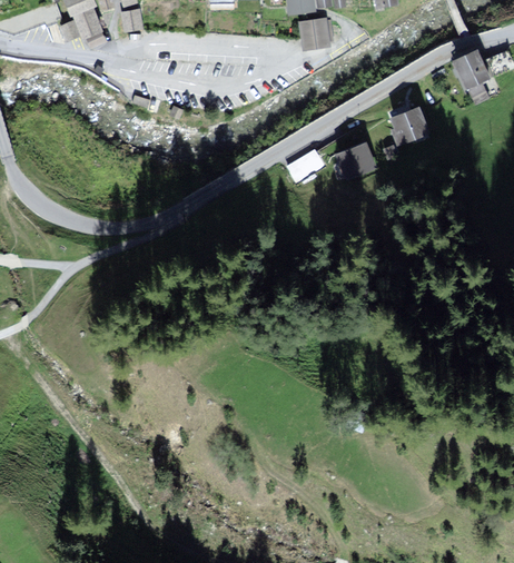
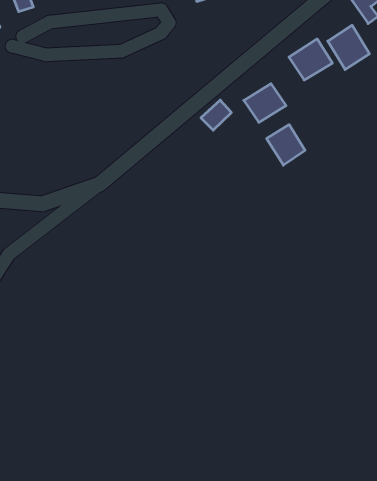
building: none -> [328,25,369,70]
building: none -> [267,125,305,165]

